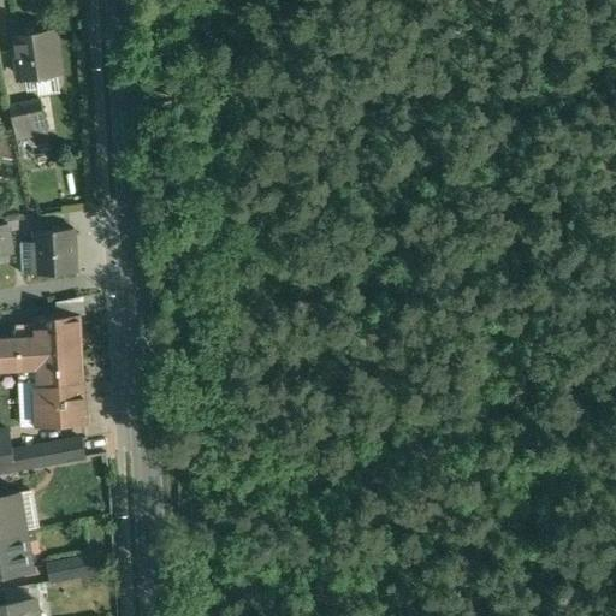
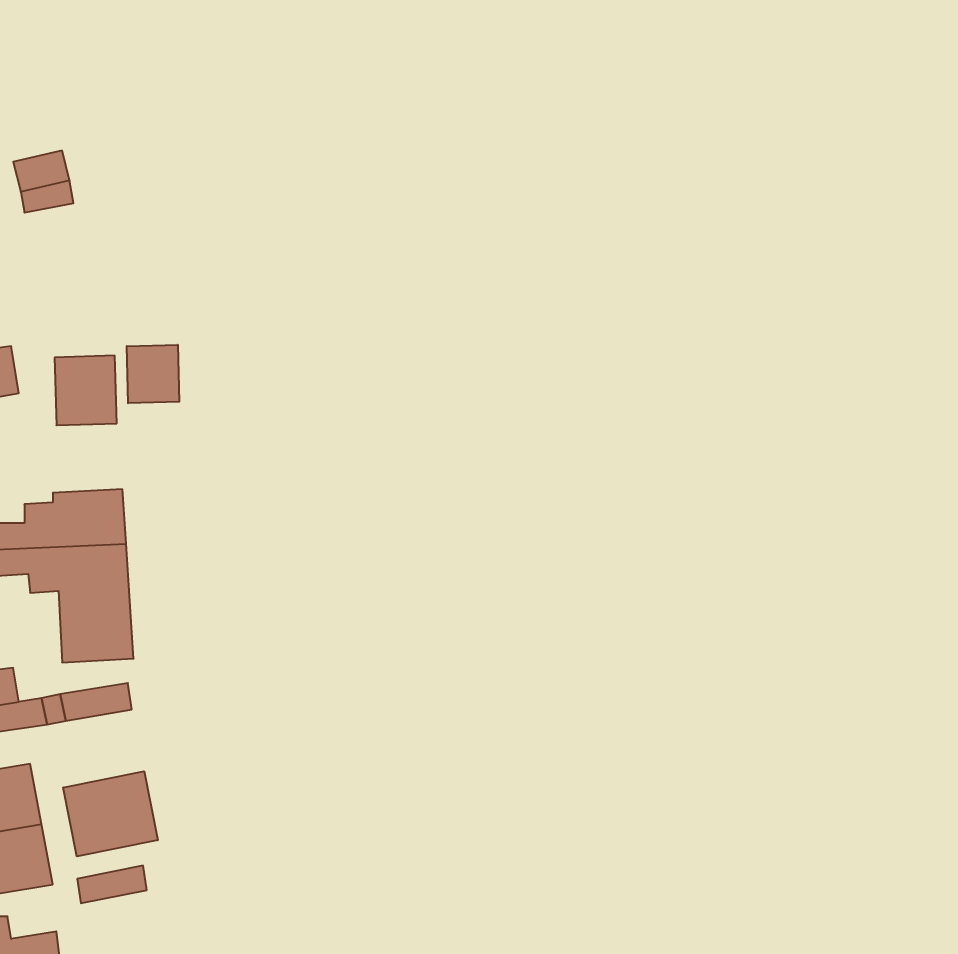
building: [16,34,57,81] -> none
building: none -> [127,345,179,403]
building: none -> [63,771,158,856]

